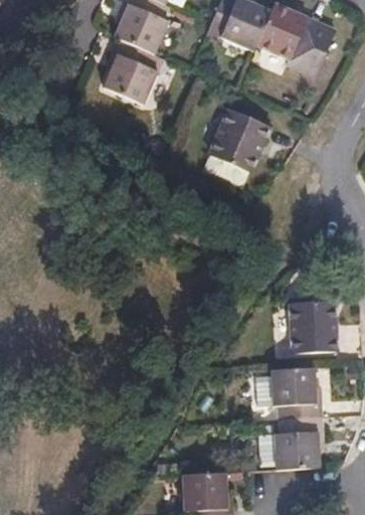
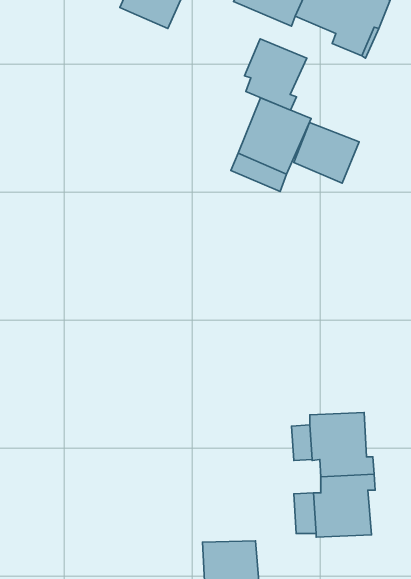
building: [104,38,161,105] -> none
building: none -> [244,39,307,110]
building: none -> [294,122,359,183]
building: [290,301,337,352] -> none

